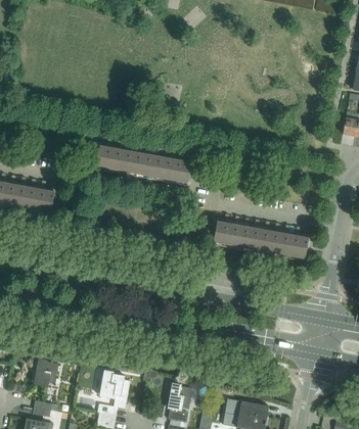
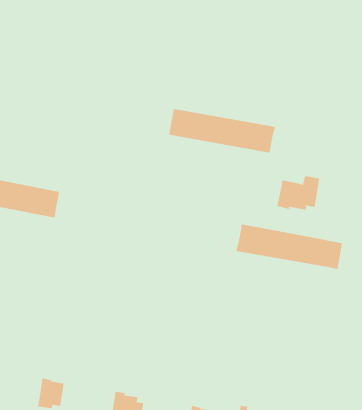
building: [95,145,191,185] -> [169,109,276,153]
building: none -> [274,176,320,211]

